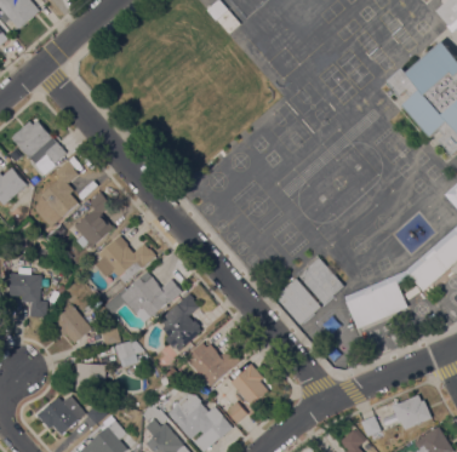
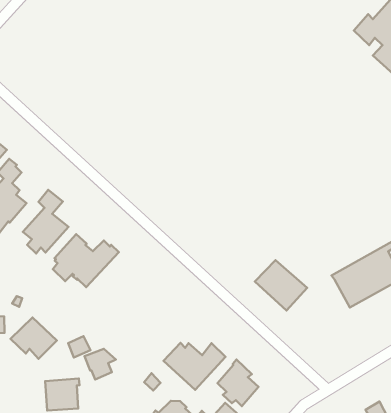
building: [298,258,344,304] -> none
building: [102,275,182,322] -> none
building: [161,293,201,351] -> none

